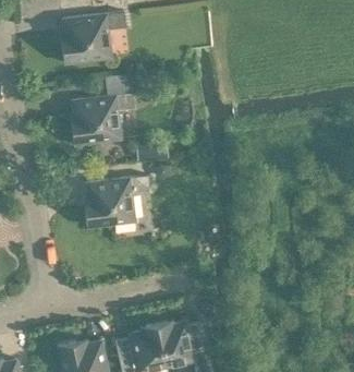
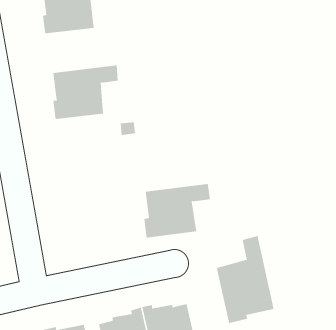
building: [84,175,148,227] -> [144,184,211,238]
building: none -> [216,235,274,324]

